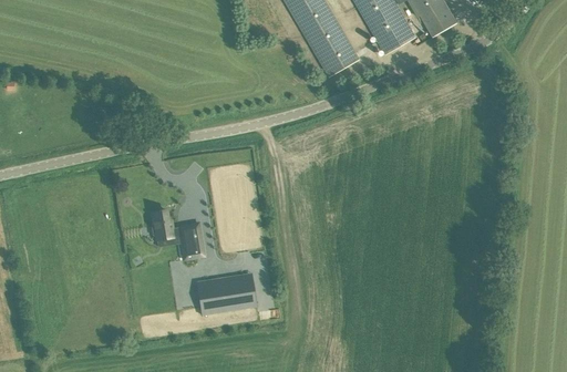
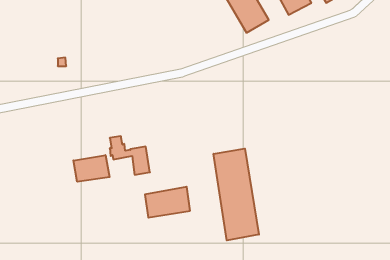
building: none -> [214,149,259,240]
building: none -> [73,155,110,182]

